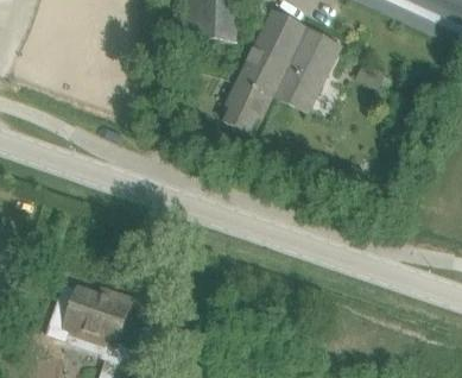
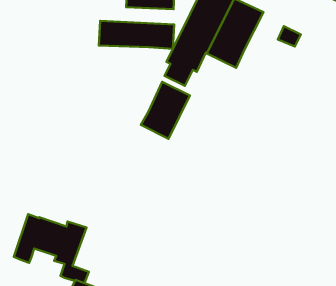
building: none -> [99,21,174,49]
building: none -> [141,82,190,139]

